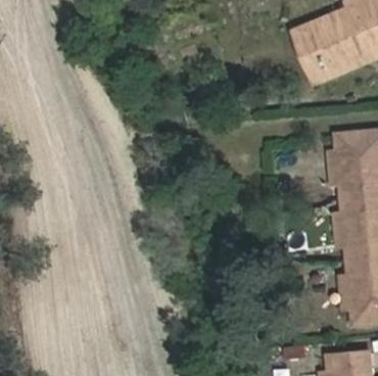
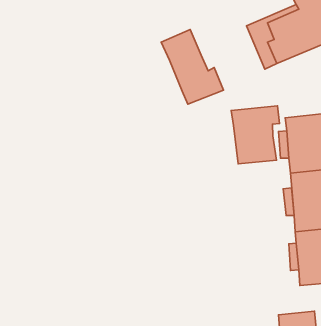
building: none -> [161,29,223,104]
building: none -> [231,106,279,164]

